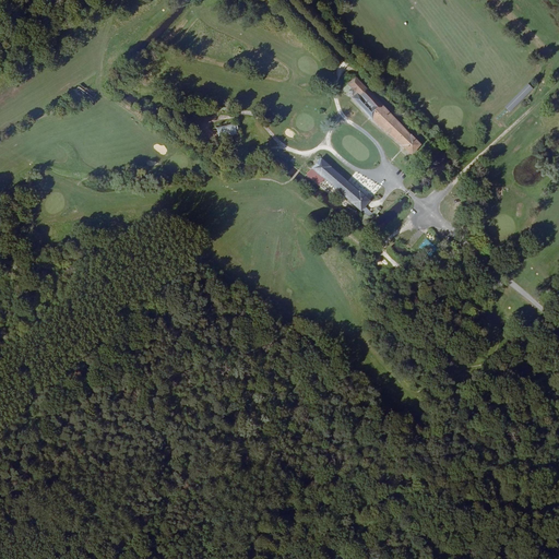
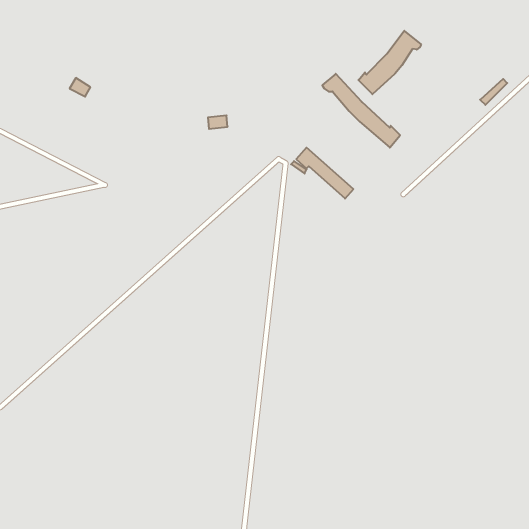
building: none -> [358,31,421,94]

